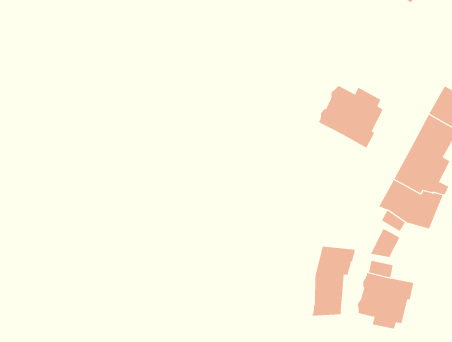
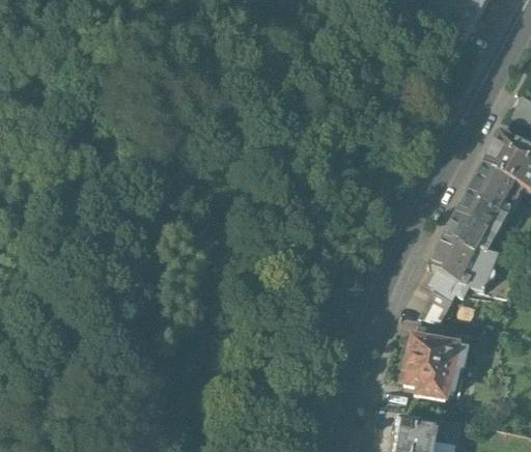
building: [318,85,384,148] -> none
building: [312,246,355,316] -> none

